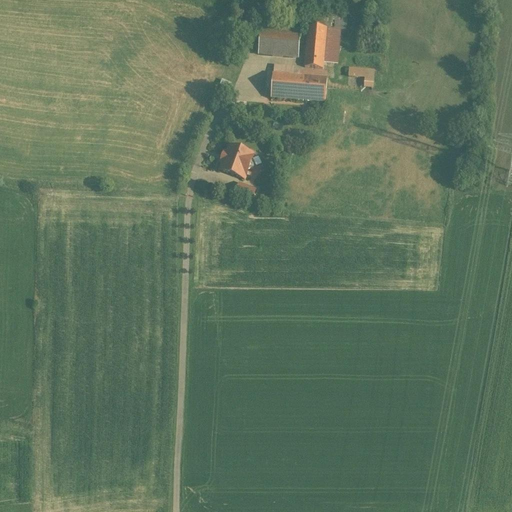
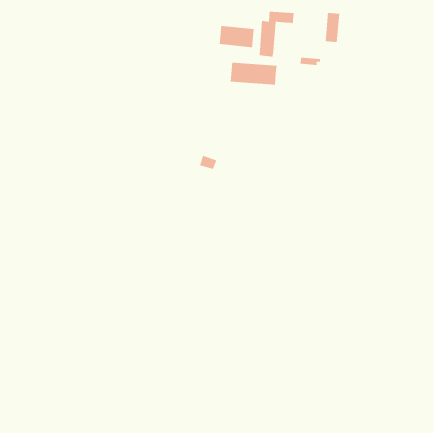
building: [322,26,340,61] -> [325,13,340,42]
building: [219,145,253,177] -> none

